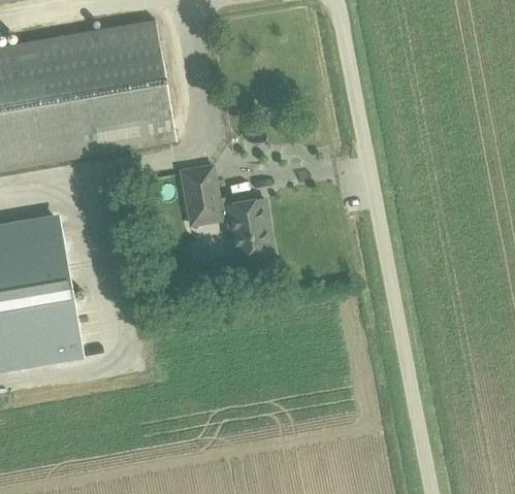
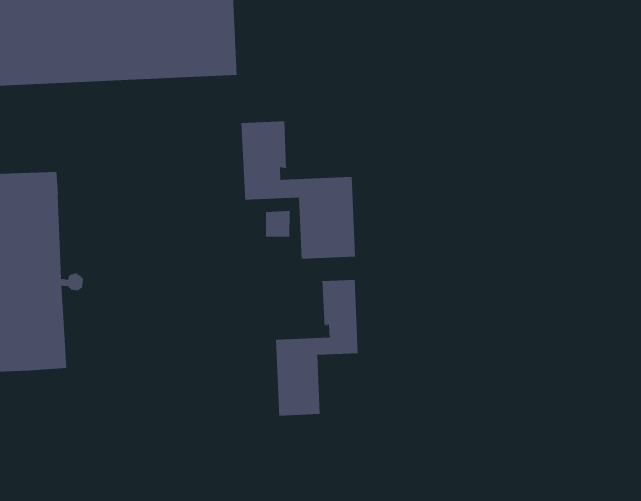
building: none -> [275,279,358,417]

